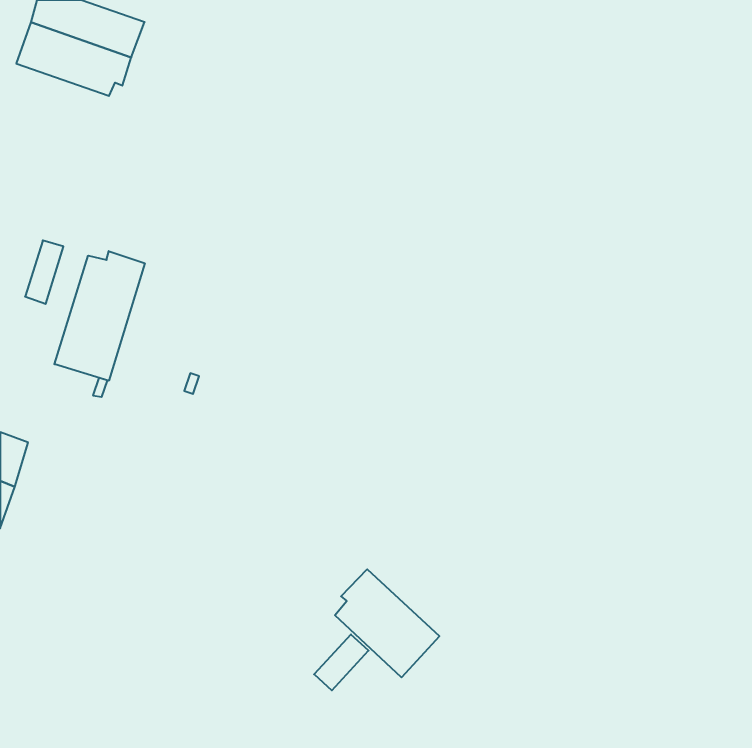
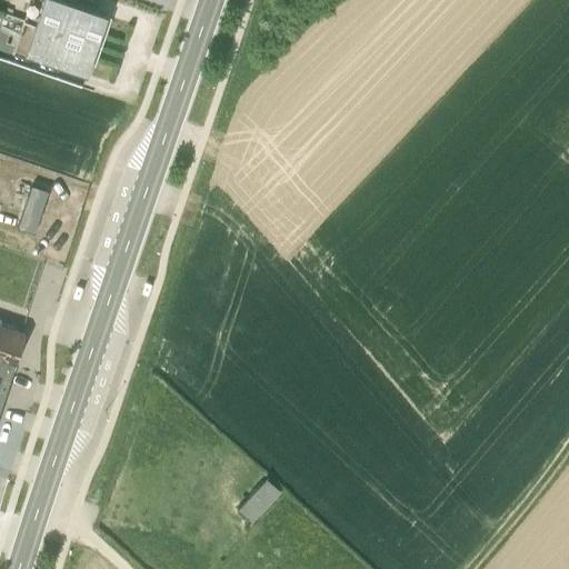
building: [54,251,145,381] -> none
building: [335,569,439,677] -> none

